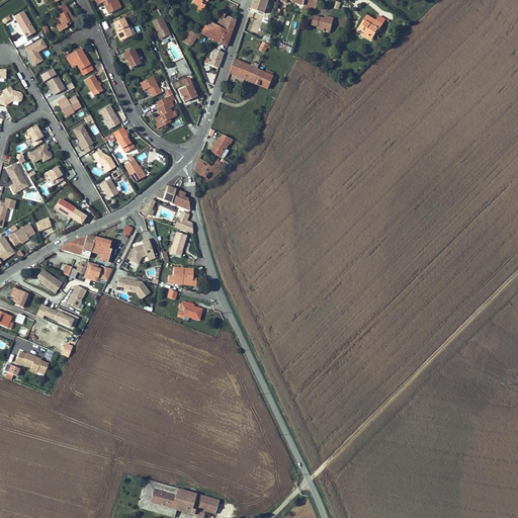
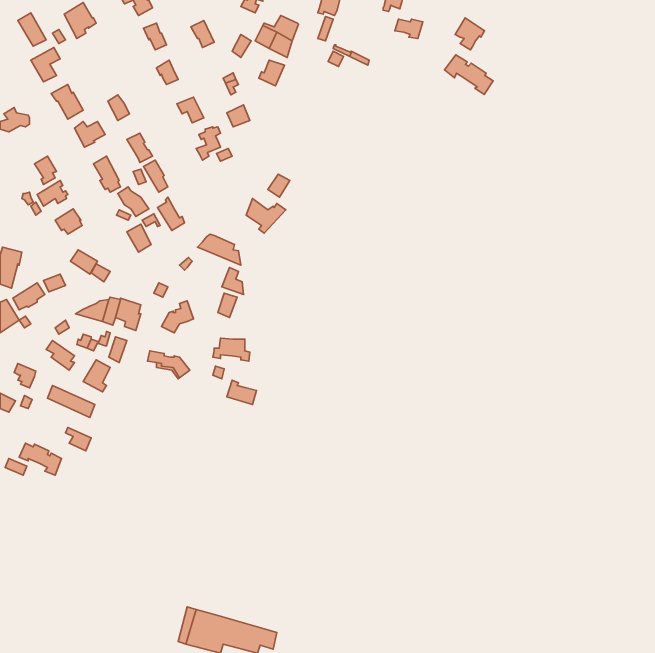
building: none -> [444,55,493,95]
building: [66,47,94,74] -> none
building: [230,58,276,88] -> none
building: [6,162,29,193] -> none

